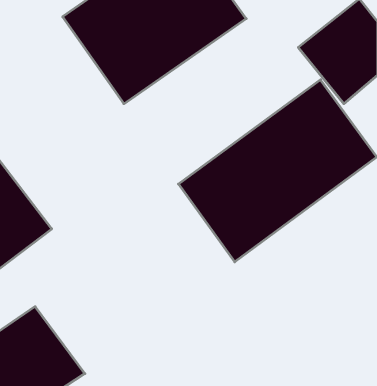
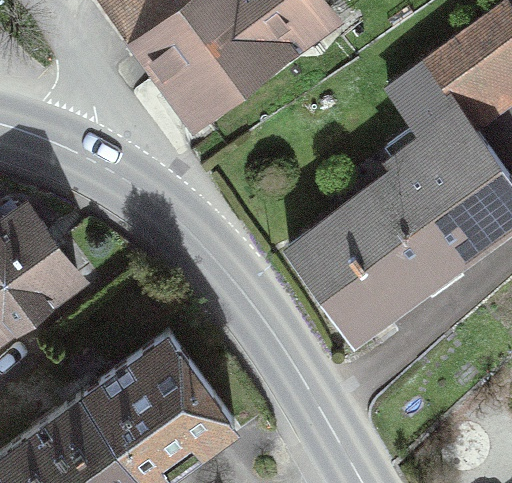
building: none -> [94,330,231,467]

